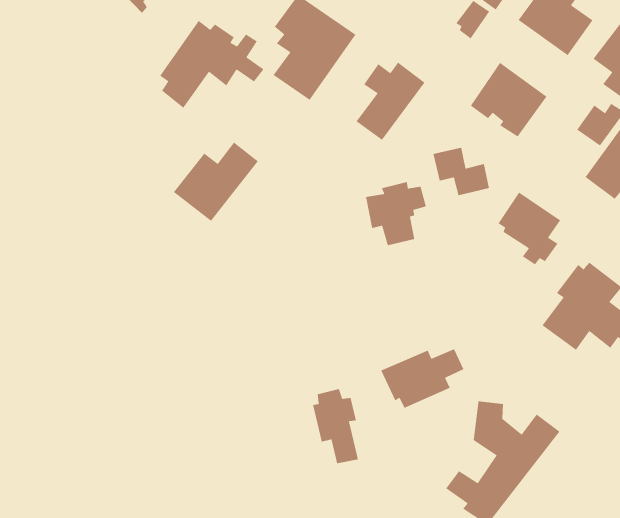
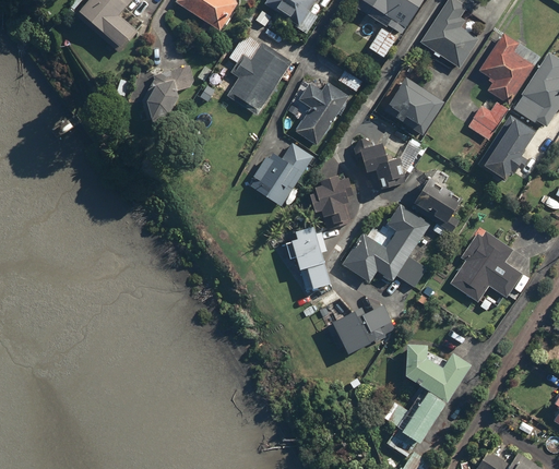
building: [173,142,259,222] -> [248,142,314,206]
building: none -> [342,204,431,287]
building: [312,388,359,464] -> [289,227,329,287]

